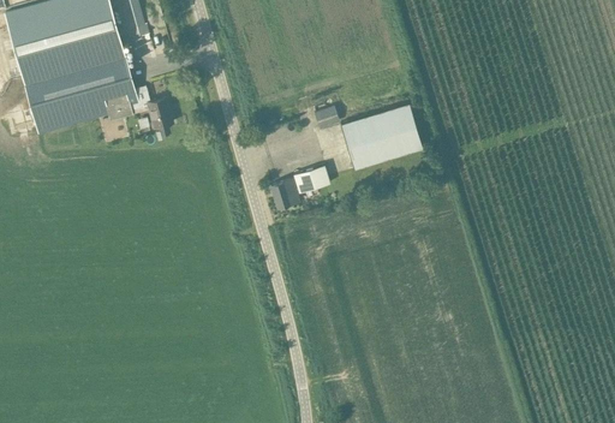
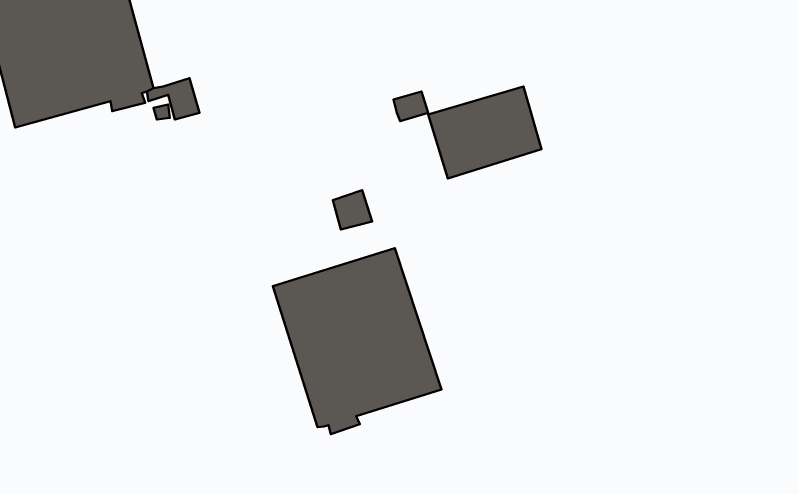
building: [292,166,329,193] -> none
building: none -> [273,248,441,434]

